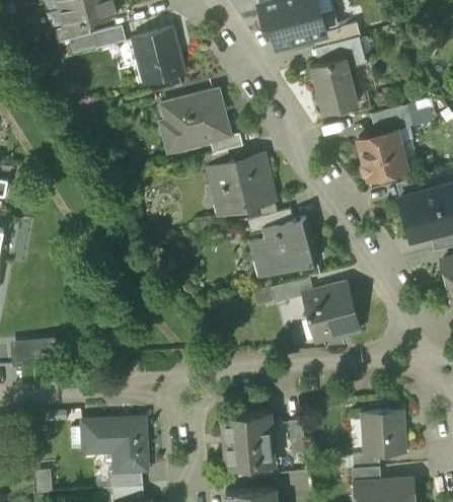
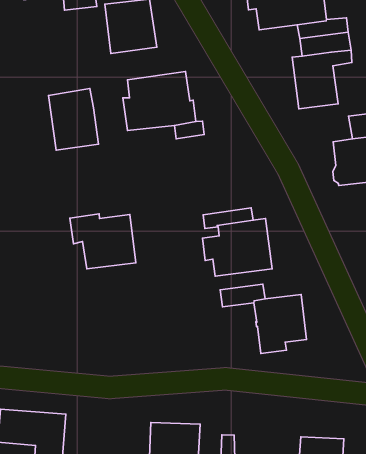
building: none -> [49,88,98,150]
building: [207,158,273,213] -> [70,214,136,269]

